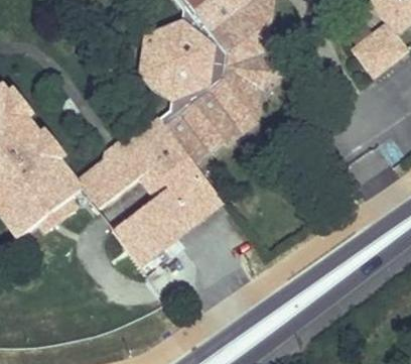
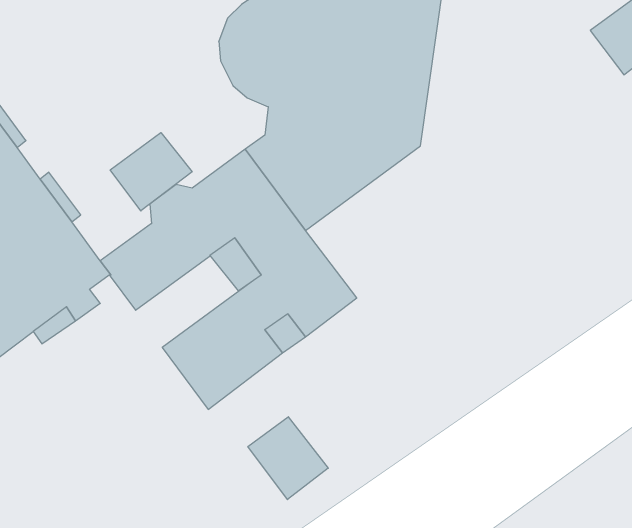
building: none -> [110,133,192,211]
building: none -> [248,417,328,500]

